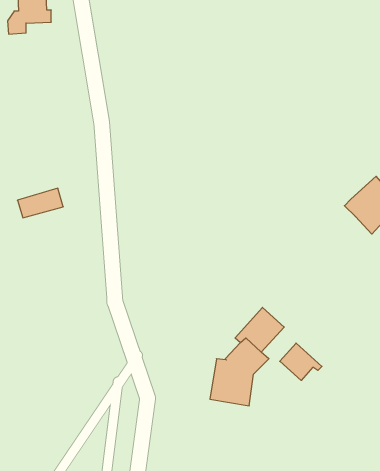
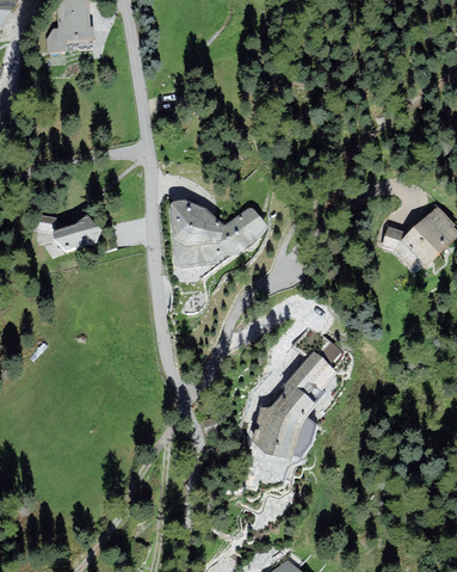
building: none -> [166,198,264,266]
building: none -> [388,227,421,253]
building: [280,343,322,380] -> none

